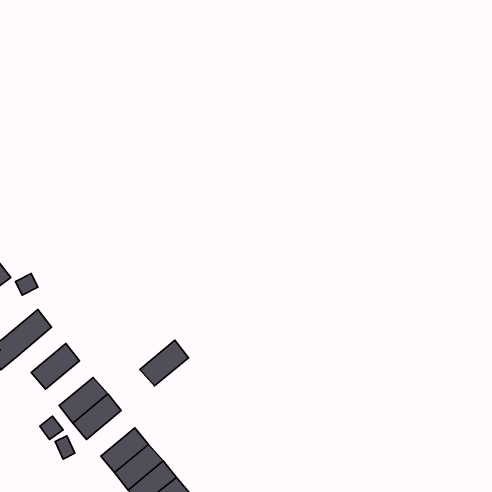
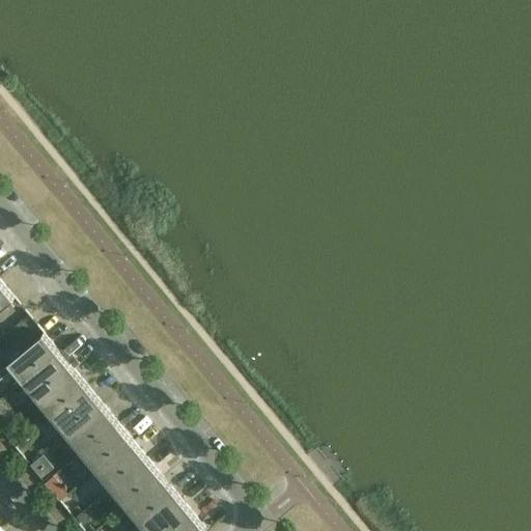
building: none -> [19,354,71,402]
building: [140,340,188,386] -> [92,443,144,492]
building: none -> [49,390,100,438]

